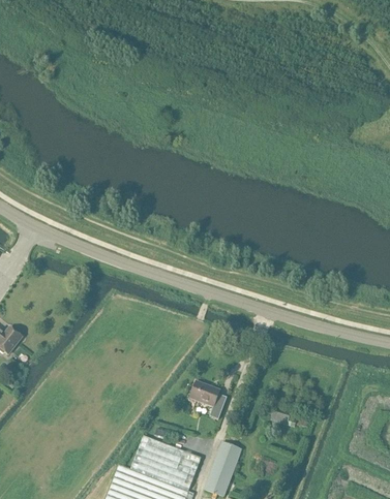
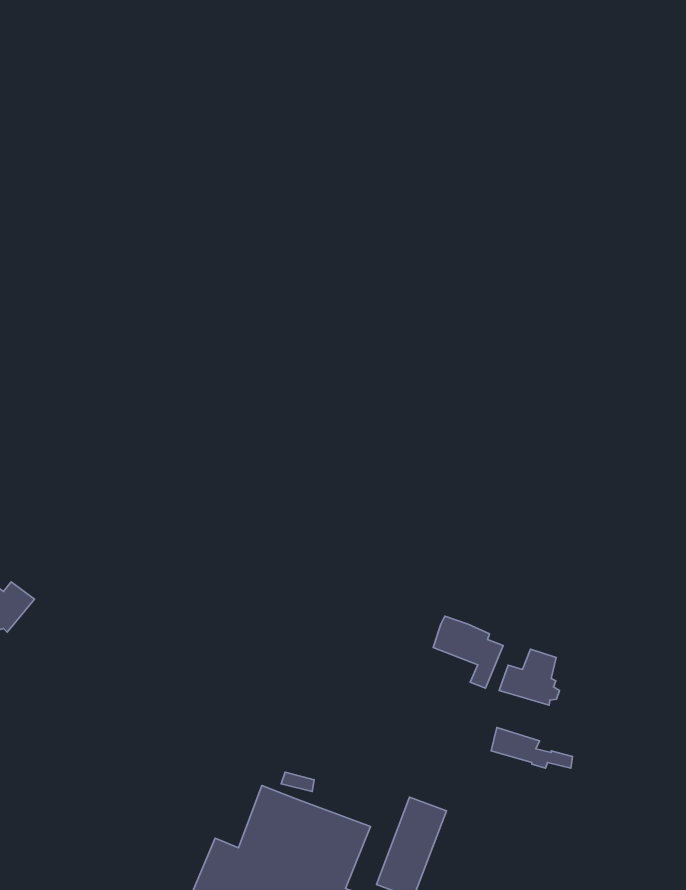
building: none -> [499,649,560,705]
building: [189,380,227,418] -> [433,616,503,688]

